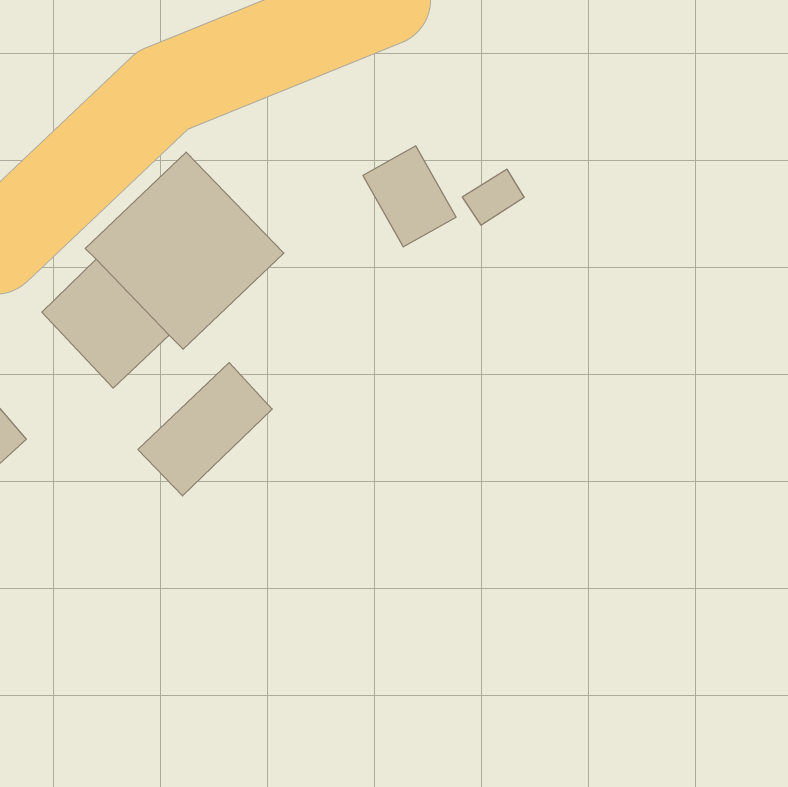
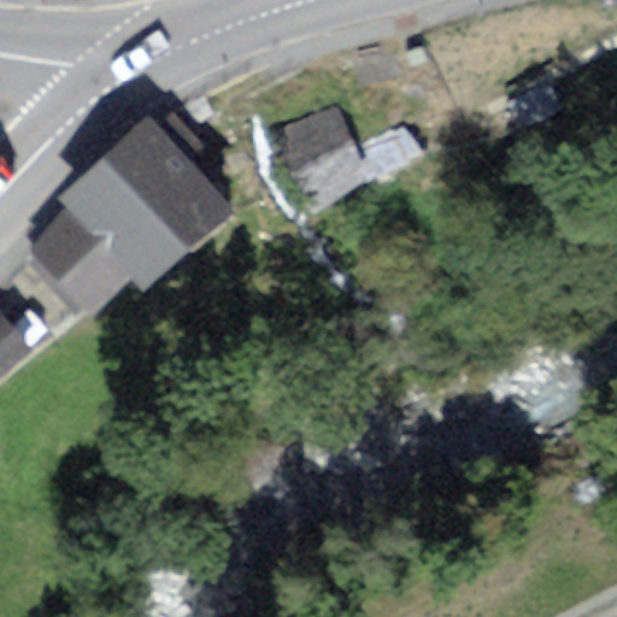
building: [138,363,272,496] -> none

